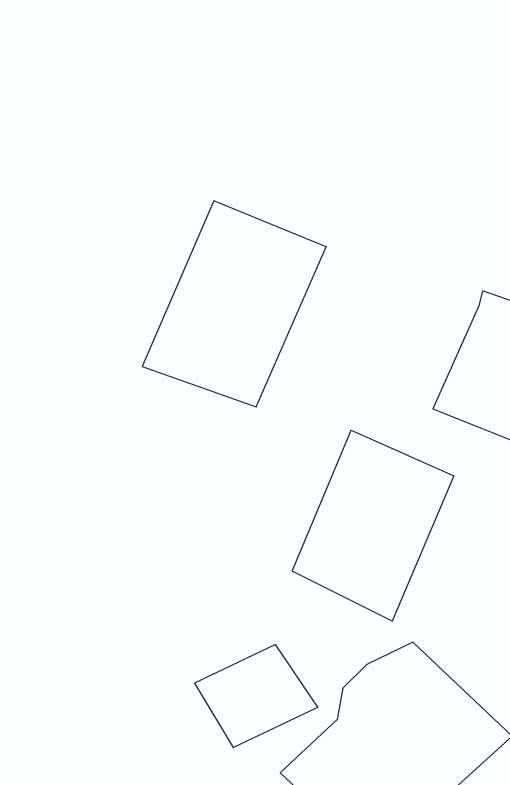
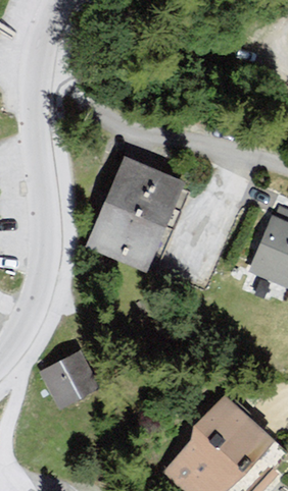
building: [292,430,454,621] -> none
building: [195,645,318,748] -> [37,351,105,408]

